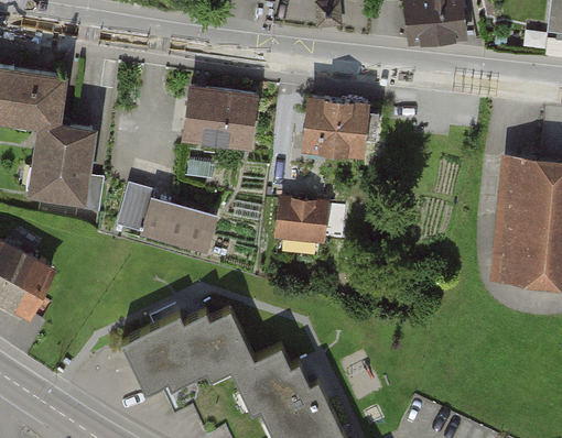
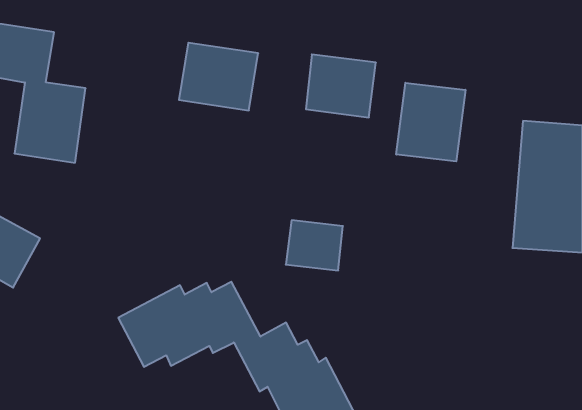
building: none -> [396,83,465,161]
building: [118,185,215,254] -> none
building: [275,197,329,244] -> [286,220,343,270]

